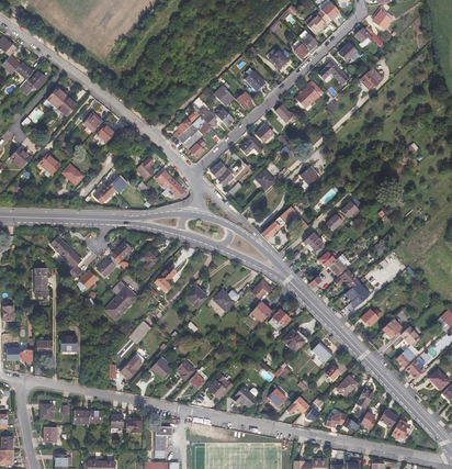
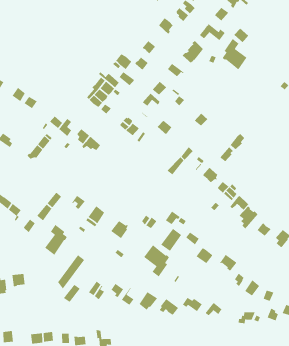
building: none -> [222,38,248,71]
building: none -> [143,244,170,277]

